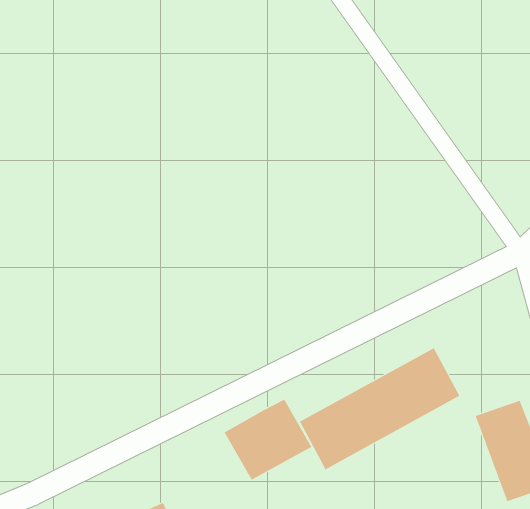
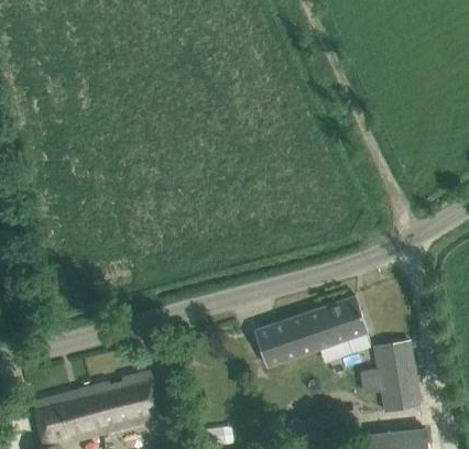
building: [224,399,312,480] -> none

